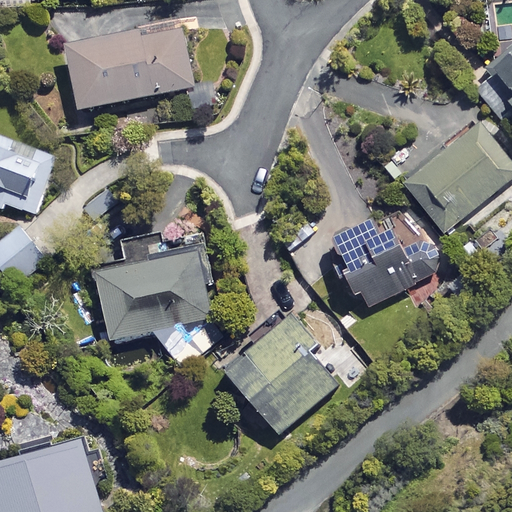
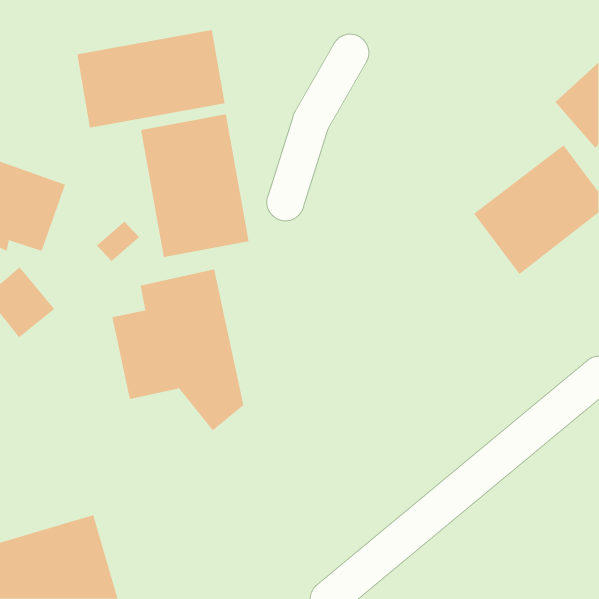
building: none -> [140,114,249,258]
building: [331,207,443,308] -> none
building: [225,315,344,456] -> none

